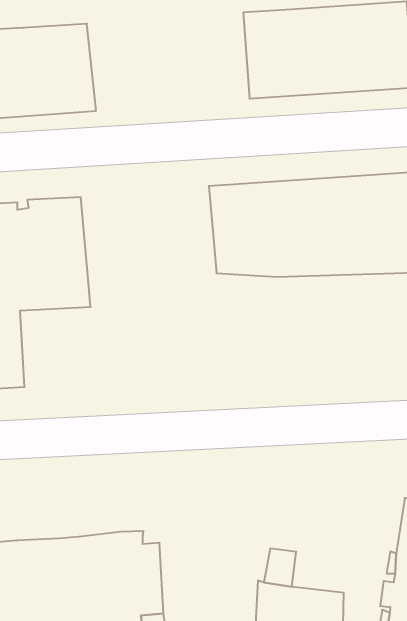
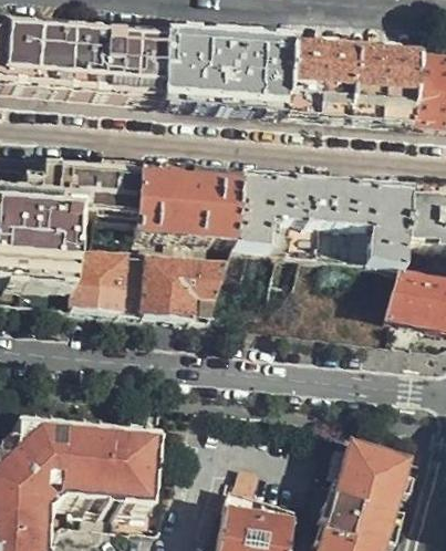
building: none -> [163,32,289,110]
building: none -> [136,164,241,241]
building: none -> [74,247,229,316]

